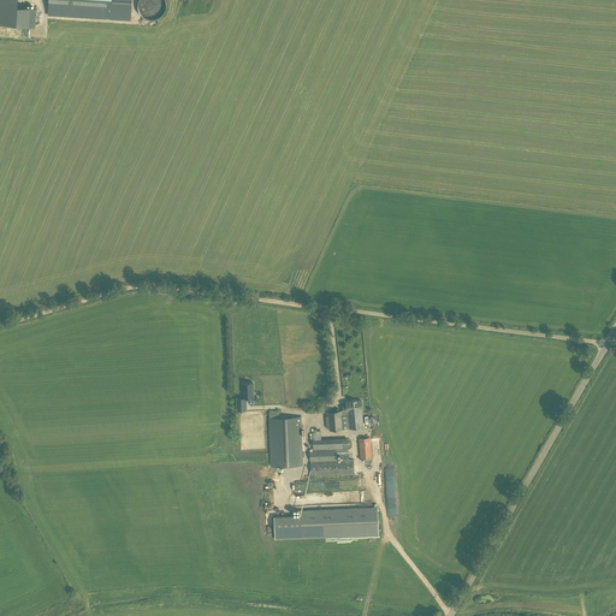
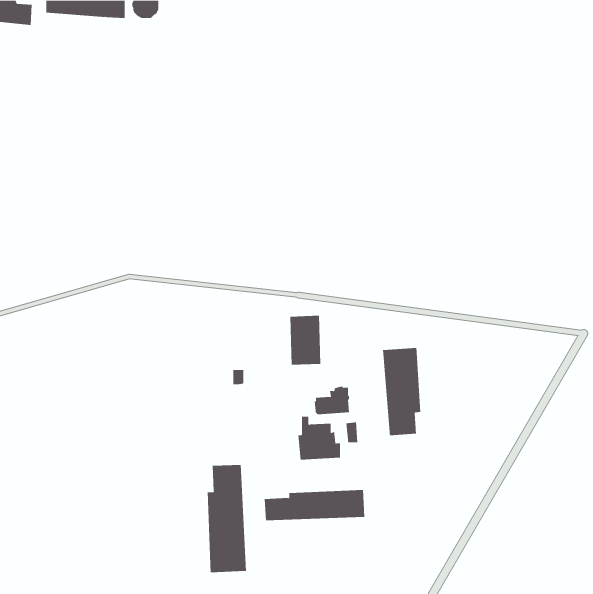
building: none -> [382,347,421,436]
building: [268,416,301,468] -> [290,315,321,365]
building: none -> [207,464,246,573]

